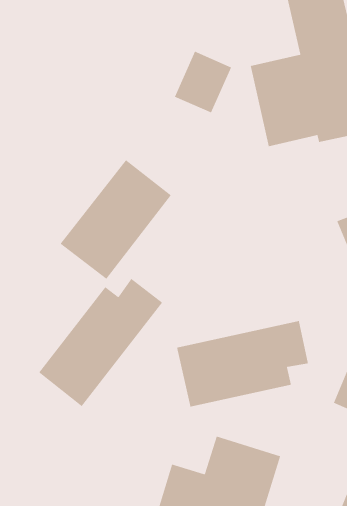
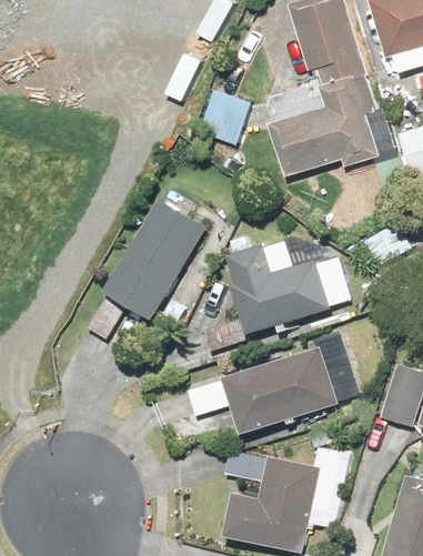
building: none -> [225,237,331,333]
building: [38,278,163,407] -> none

